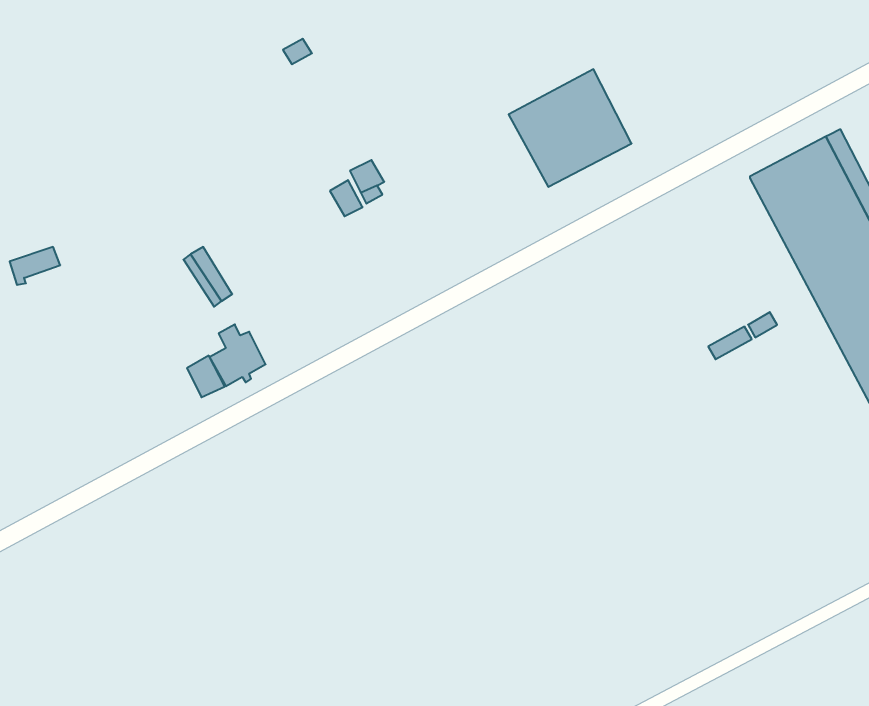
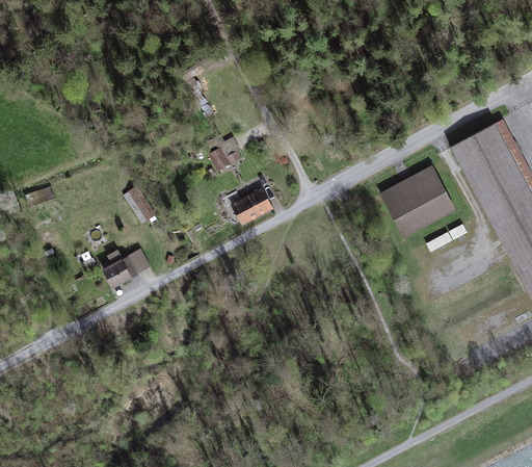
building: [509,69,632,187] -> [382,166,453,234]
building: none -> [232,188,272,223]
building: [209,324,266,386] -> [104,250,136,285]

